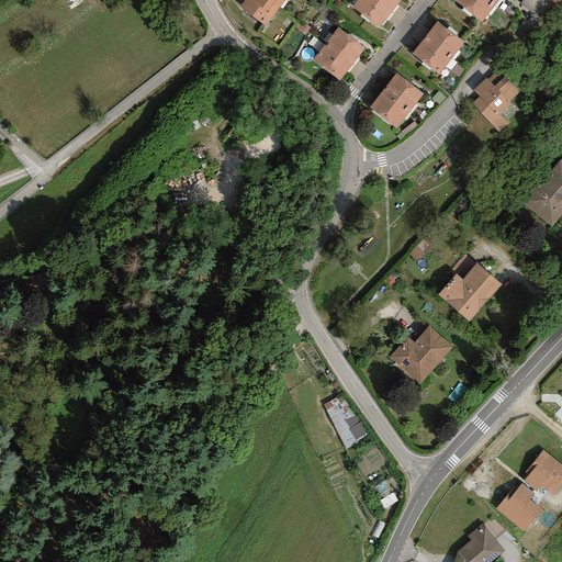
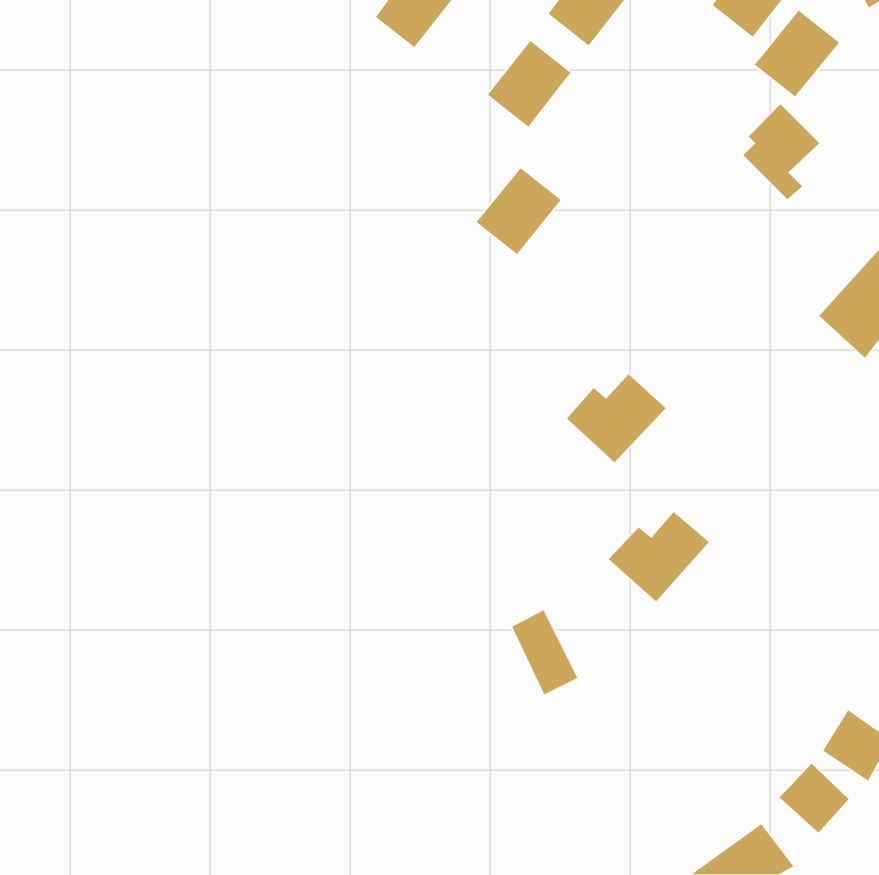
building: [411,21,465,77] -> [754,10,840,98]
building: [369,72,424,128] -> [476,167,562,255]
building: [438,263,502,321] -> [566,374,666,463]

